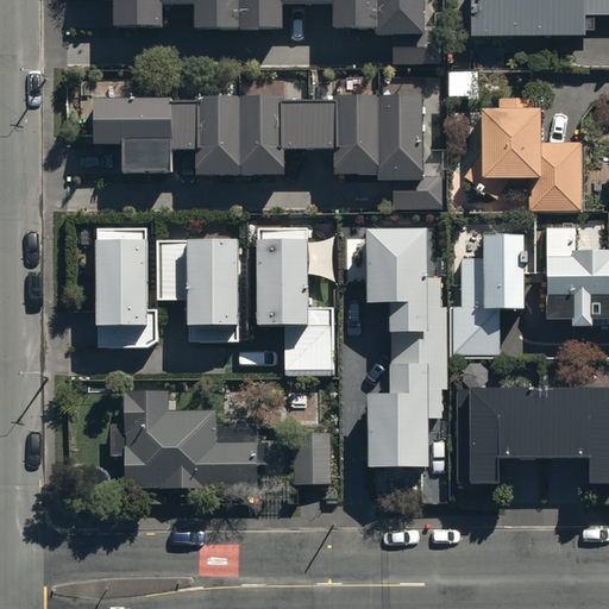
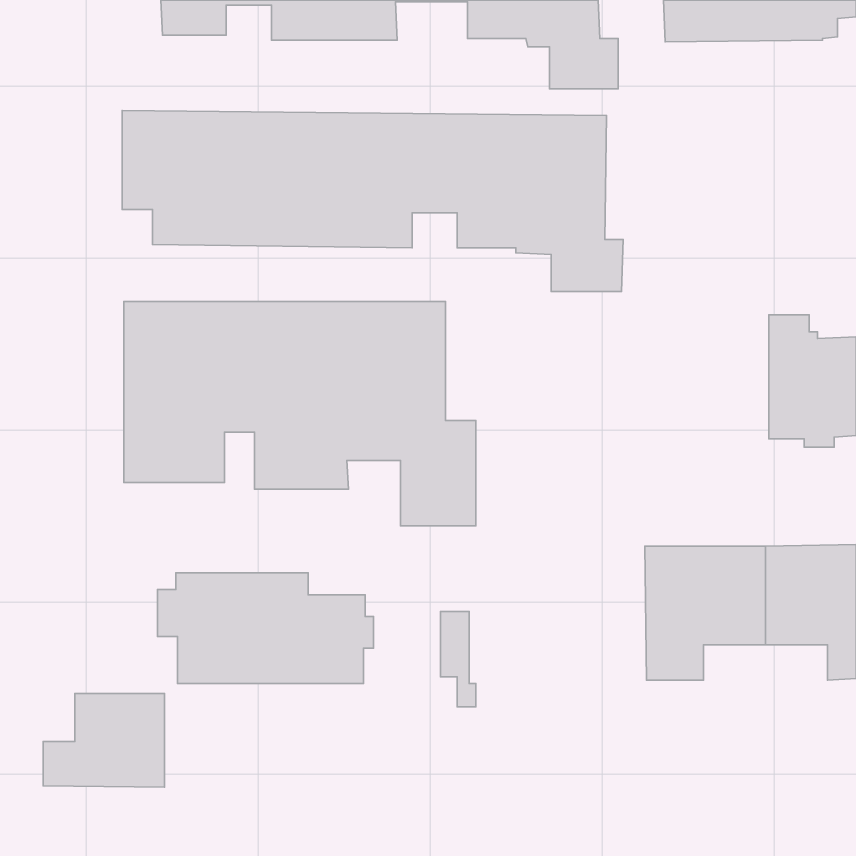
building: [464,94,580,206] -> none
building: [454,227,527,352] -> none
building: [369,233,447,465] -> none
building: none -> [43,694,165,787]

